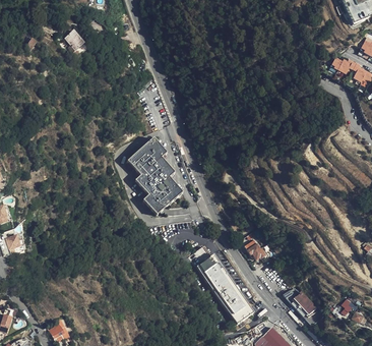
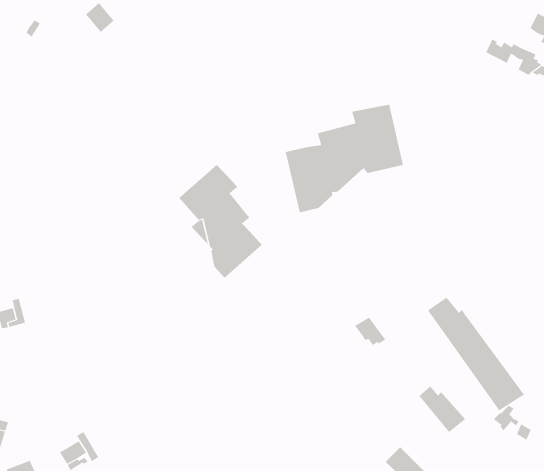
building: none -> [285,104,404,213]
building: [192,246,257,323] -> [427,297,525,411]

